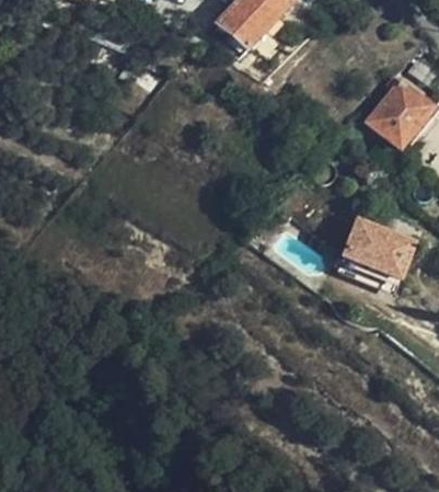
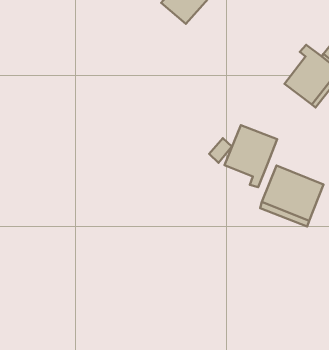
building: none -> [225,125,277,187]

